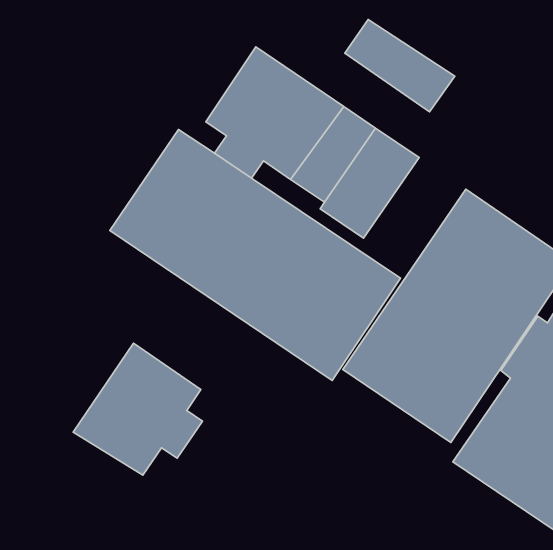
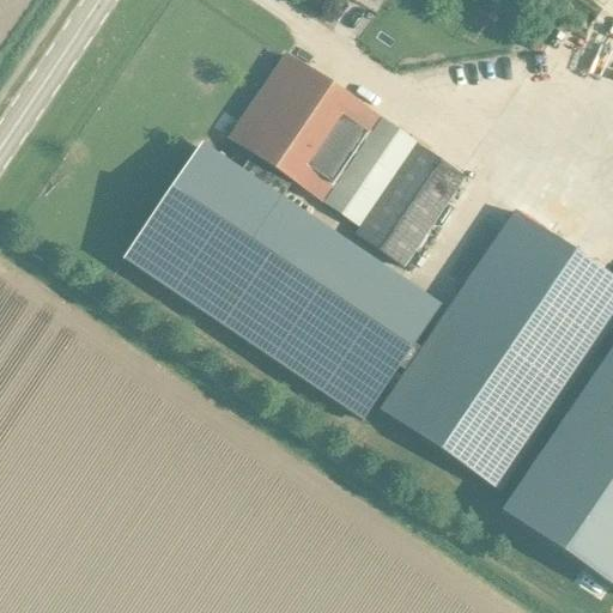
building: [345,19,455,112] -> none
building: [73,343,203,475] -> none

